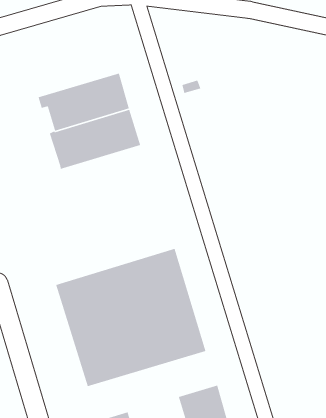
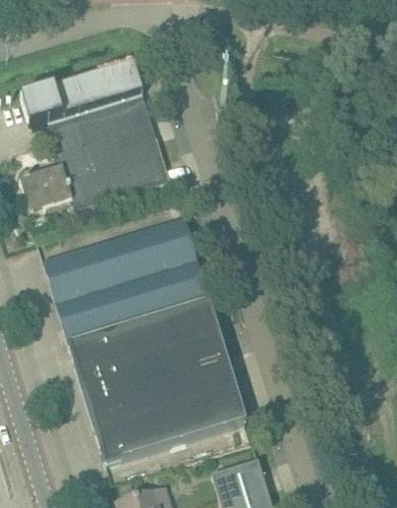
building: none -> [23,62,144,125]
building: none -> [19,165,73,212]
building: none -> [44,218,209,342]

